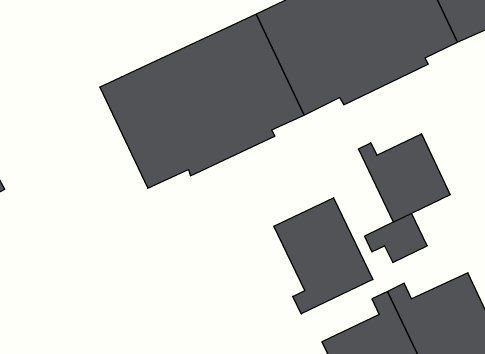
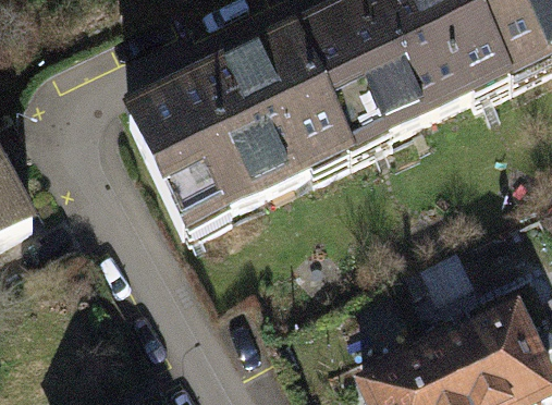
building: [359,134,450,222] -> none
building: [274,198,373,314] -> none

